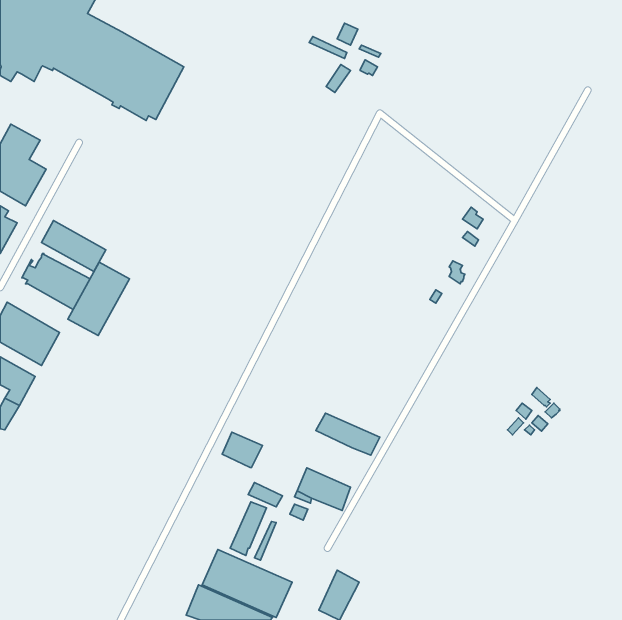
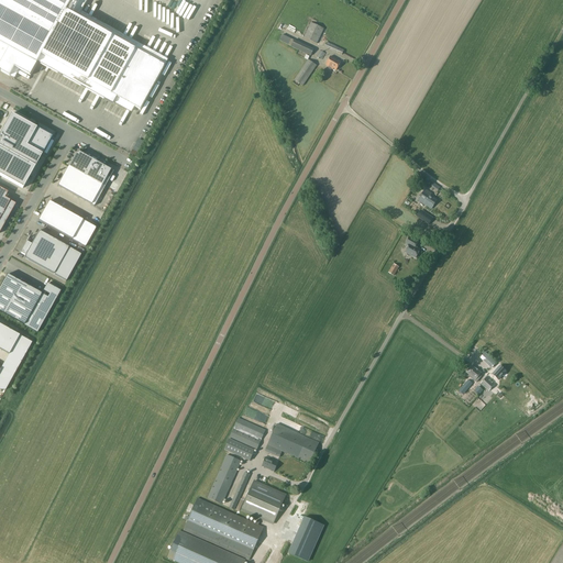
building: none -> [57,150,113,205]
building: [68,262,130,336] -> none
building: [316,413,380,455] -> none
building: [222,432,262,468] -> [230,416,266,448]
building: none -> [242,478,286,521]

